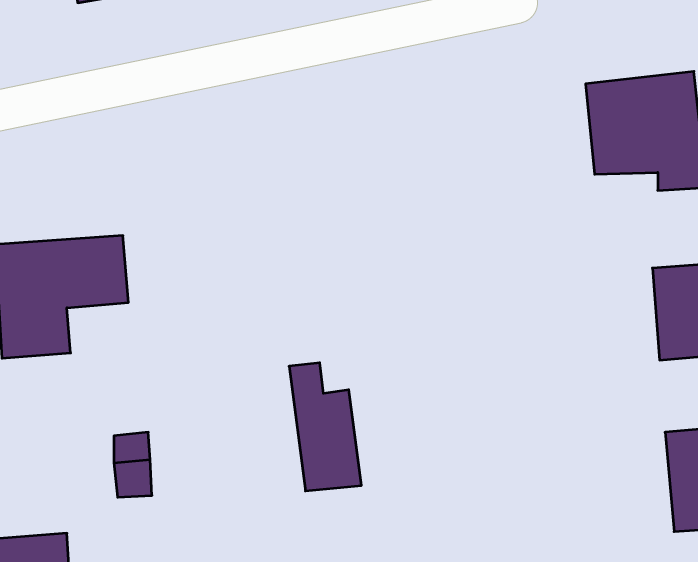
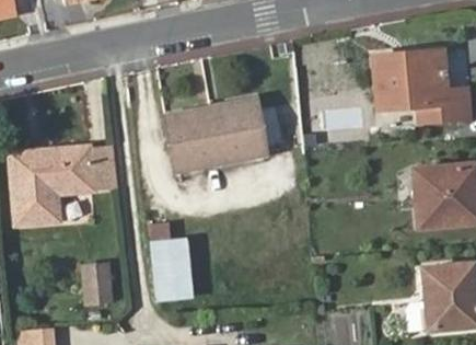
building: none -> [172,104,262,161]
building: none -> [92,145,118,187]
building: [289,363,361,491] -> [150,225,194,302]

